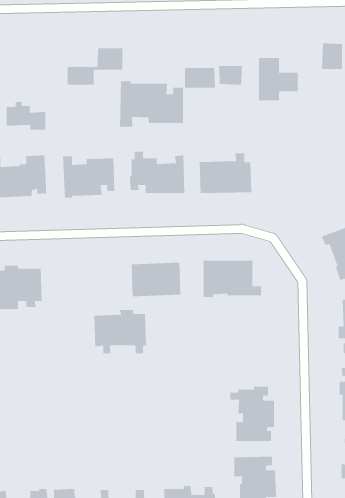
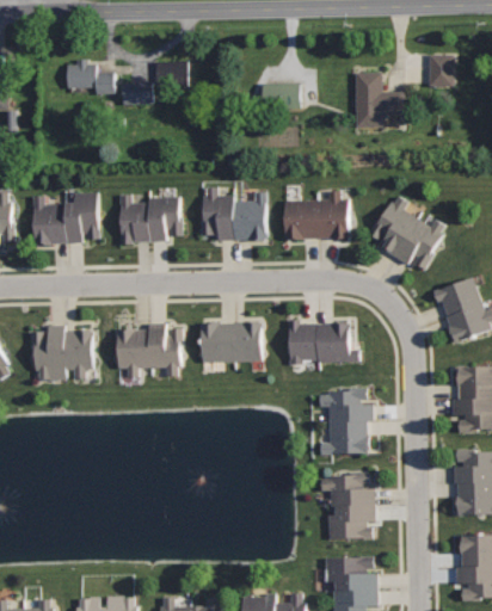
building: [219,65,242,86] -> none
building: [120,81,183,128] -> none
building: [6,102,46,130] -> [66,60,115,94]
building: none -> [365,197,443,267]
building: [94,310,147,354] -> [116,323,180,377]
building: none -> [319,388,373,453]

